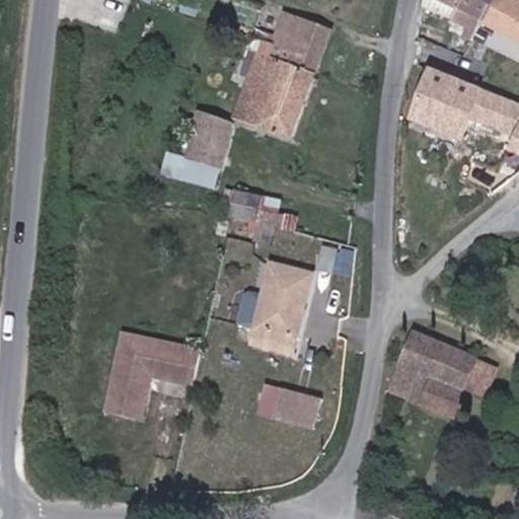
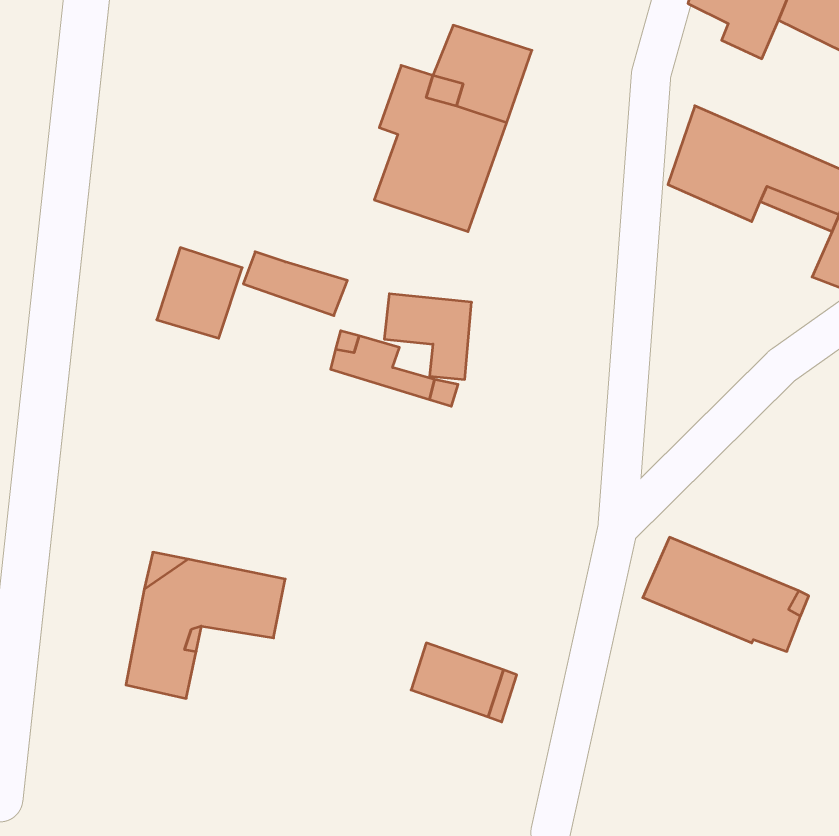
building: [183,115,235,169] -> [157,248,242,338]
building: [230,262,303,350] -> none
building: [389,361,465,413] -> none

